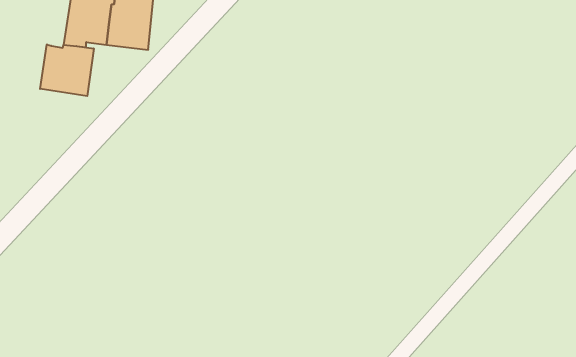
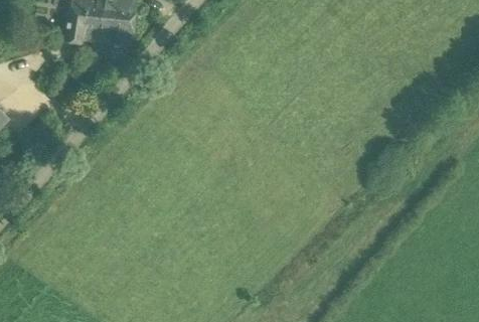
building: [40,44,94,96] -> none

